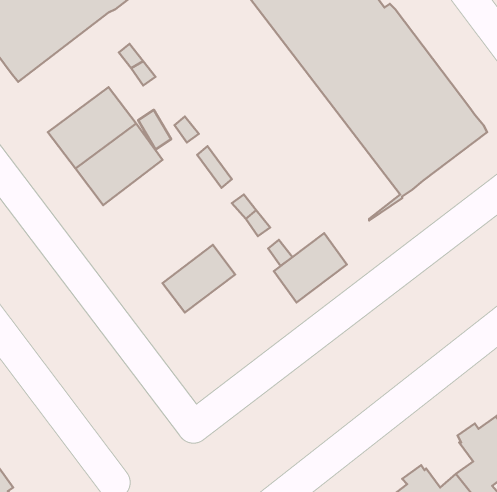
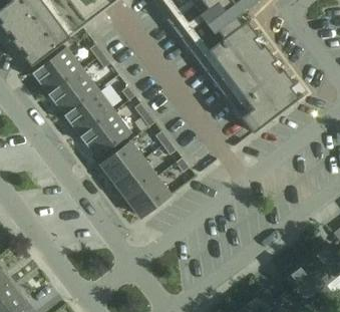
building: none -> [31,46,83,94]
building: none -> [80,110,131,159]
building: none -> [100,141,143,182]
building: [274,233,347,302] -> [127,177,169,217]

